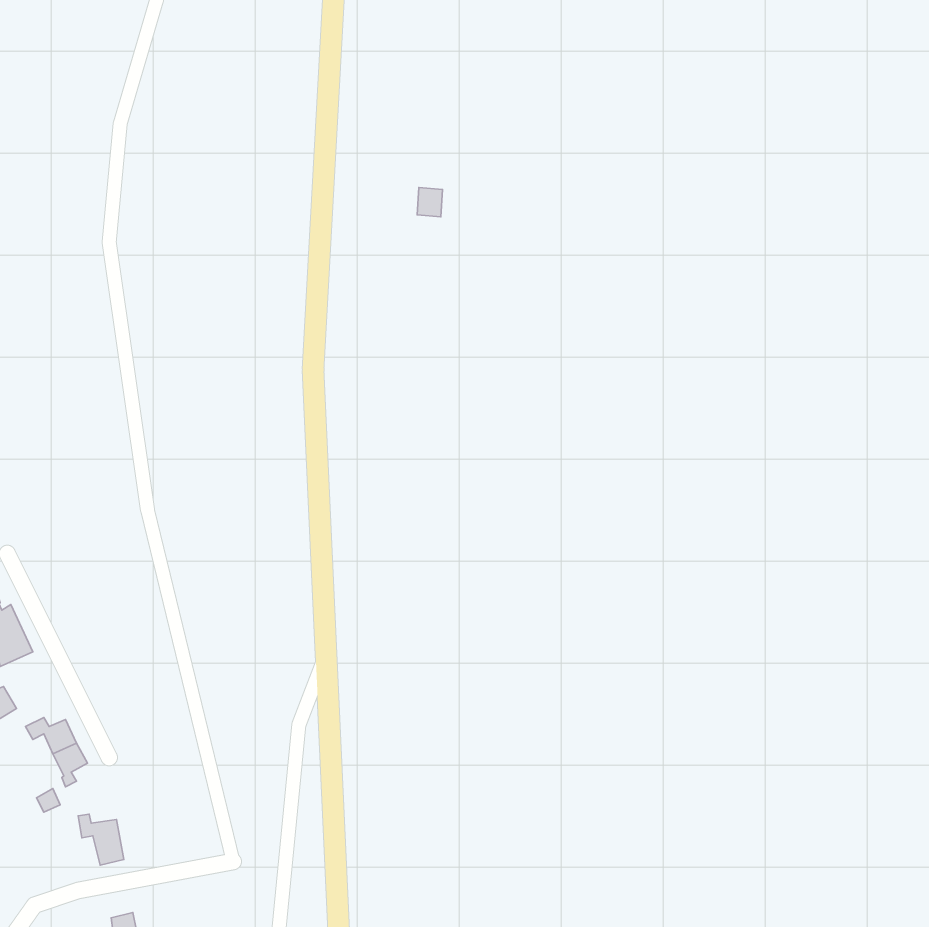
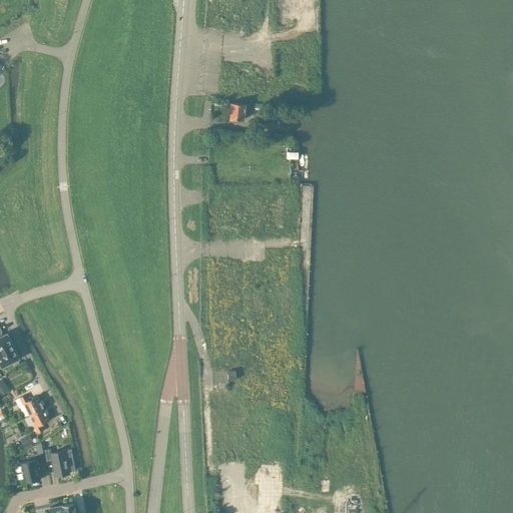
building: none -> [19,456,44,484]

